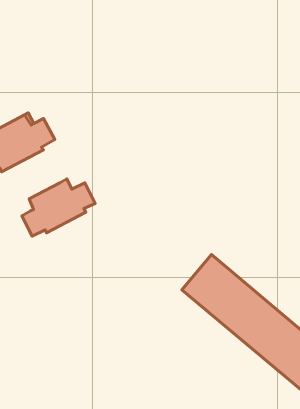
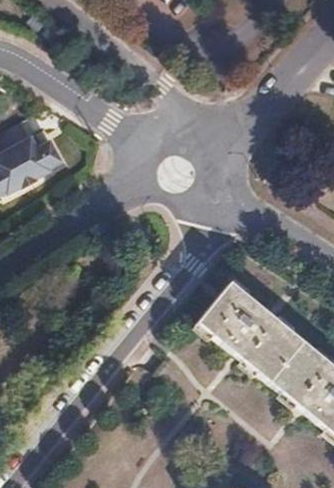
building: [22,179,95,236] -> none

